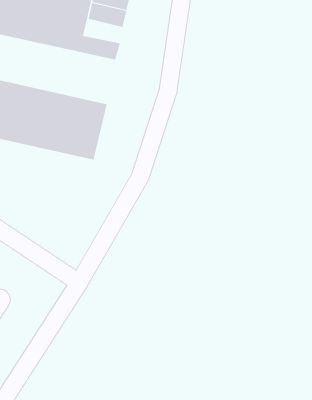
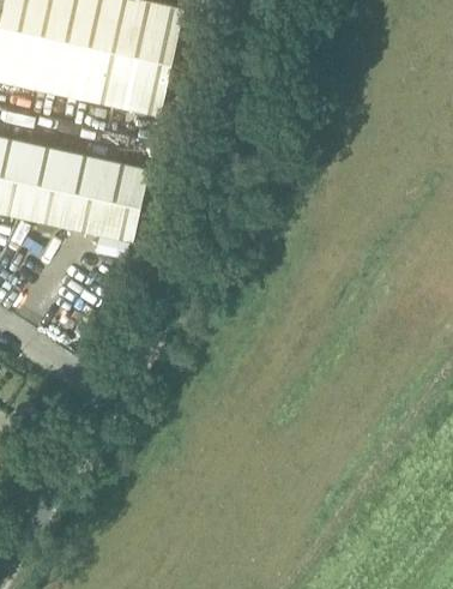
building: none -> [117,61,168,92]

